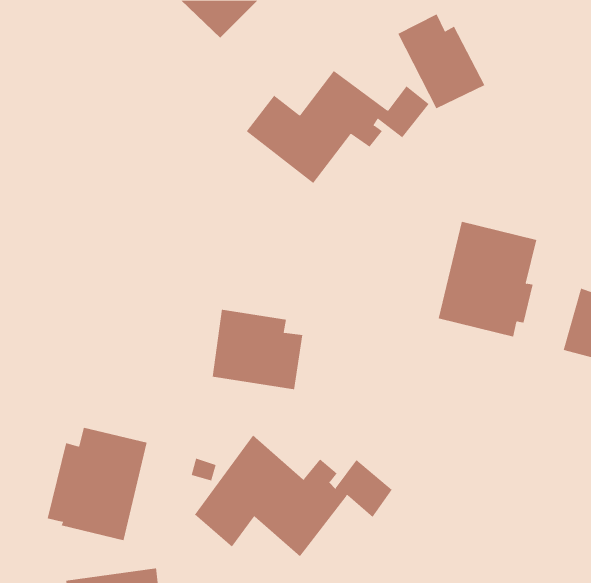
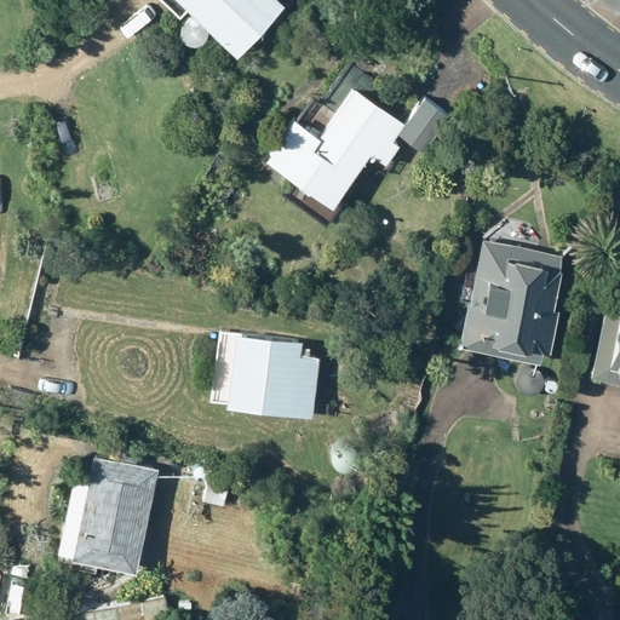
building: [397,14,485,109] -> none
building: [194,435,393,557] -> none

